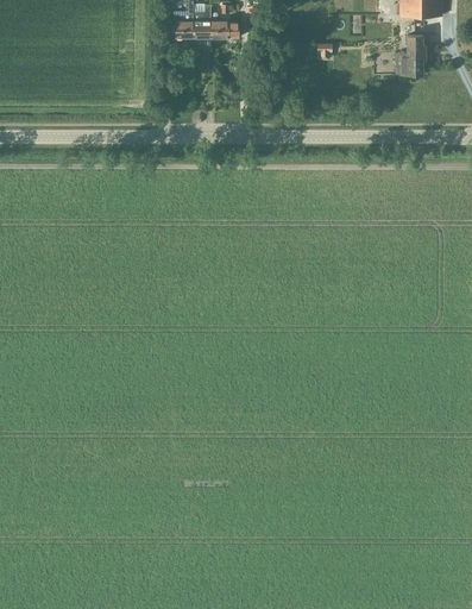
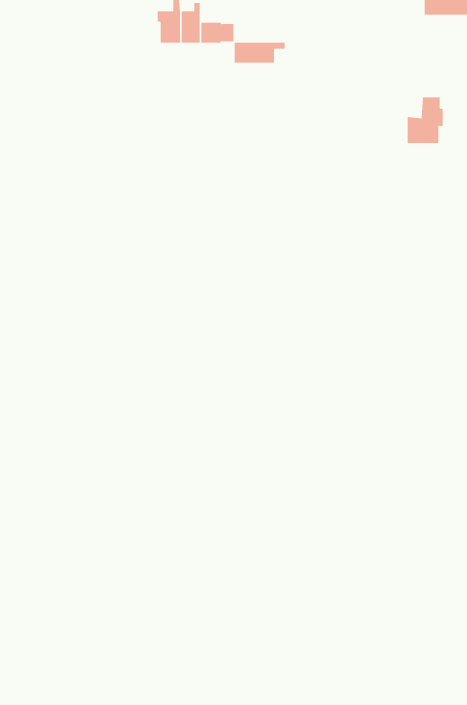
building: [396,36,427,75] -> [407,97,443,143]
building: none -> [234,42,285,64]

